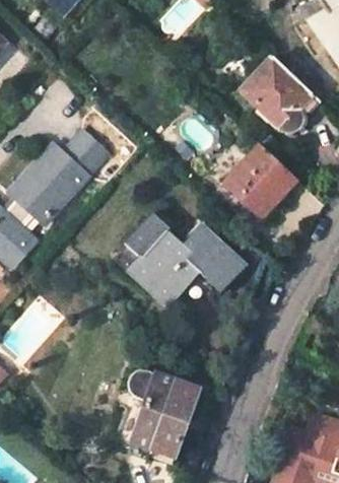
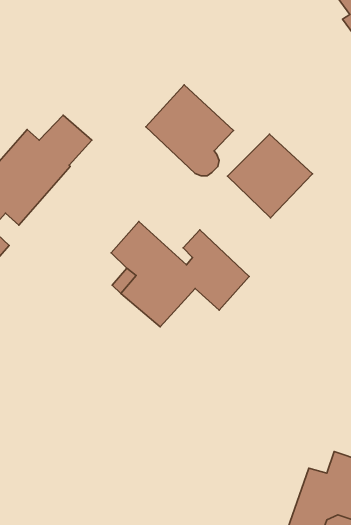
building: [241,55,315,132] -> [146,85,233,176]
building: [119,368,199,463] -> none

